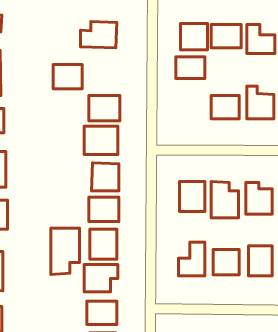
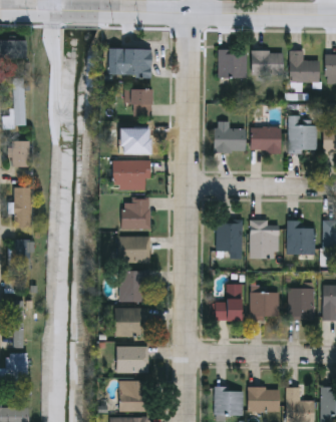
building: [176,57,205,78] -> [215,128,246,151]
building: [53,64,82,89] -> [120,89,151,115]
building: [51,228,80,274] -> none

